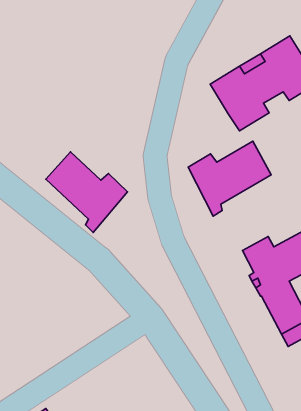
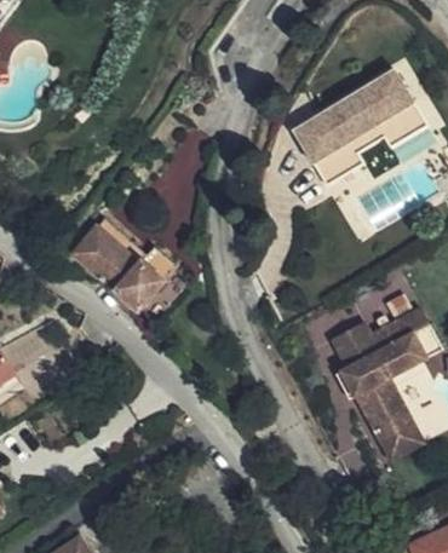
building: [188,141,271,216] -> none

